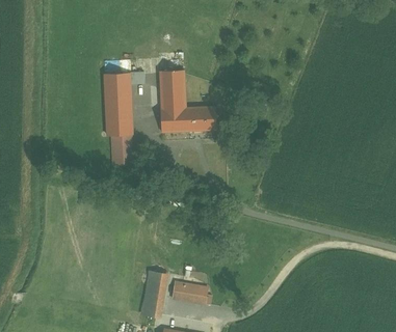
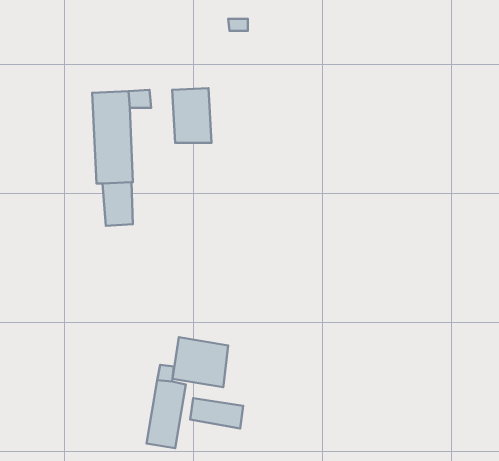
building: [159,105,215,131] -> none
building: none -> [172,337,228,387]

